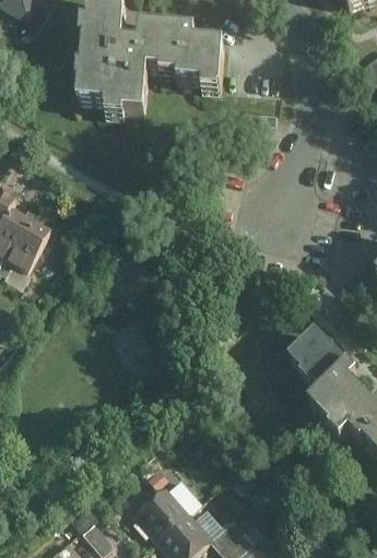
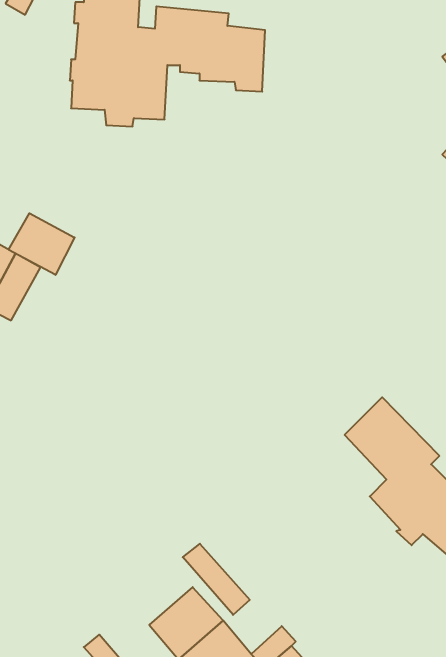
building: none -> [9,213,75,275]
building: none -> [183,544,250,615]

